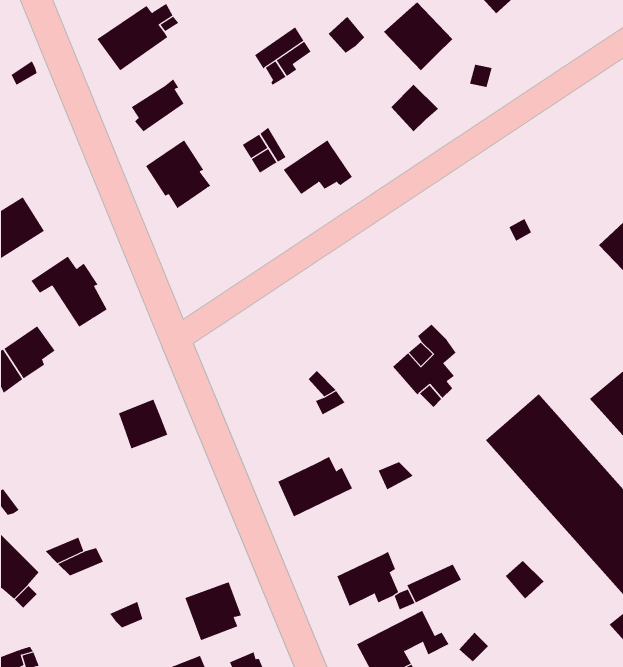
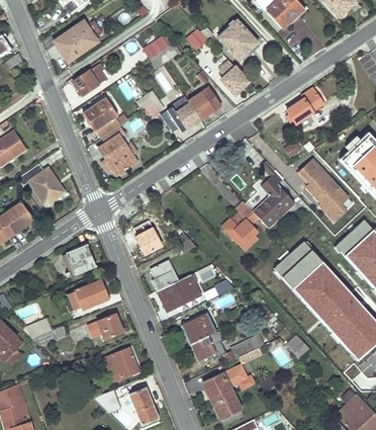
building: none -> [188,87,219,118]
building: none -> [287,87,324,123]
building: none -> [99,124,136,174]
building: none -> [254,160,295,228]
building: none -> [299,160,347,221]
building: none -> [134,222,162,255]
building: none -> [151,260,179,290]
building: none -> [64,278,109,310]
building: none -> [88,313,123,337]
building: none -> [182,314,216,344]

